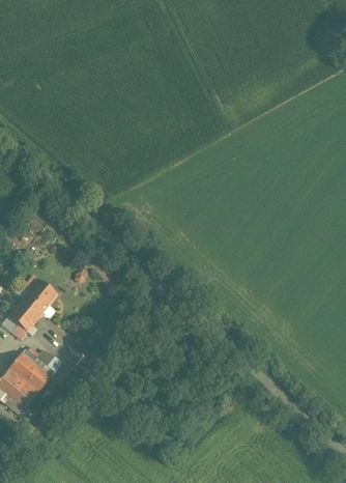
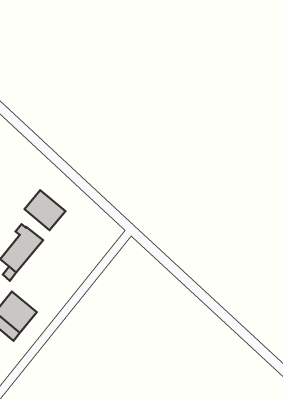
building: none -> [24,190,65,230]

